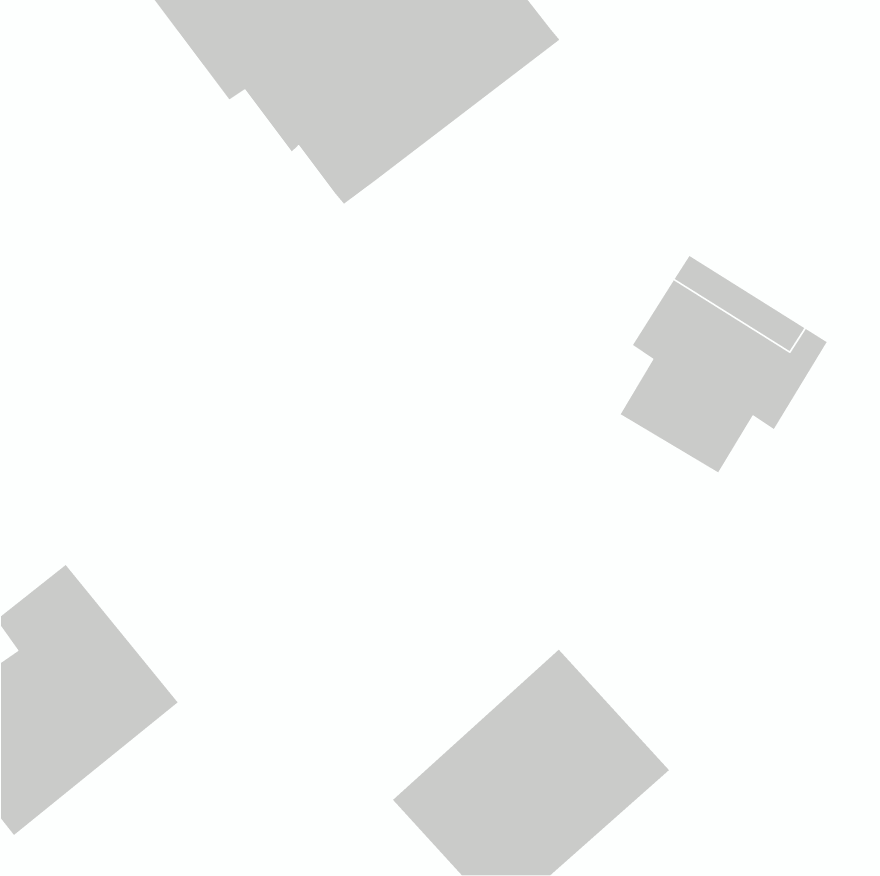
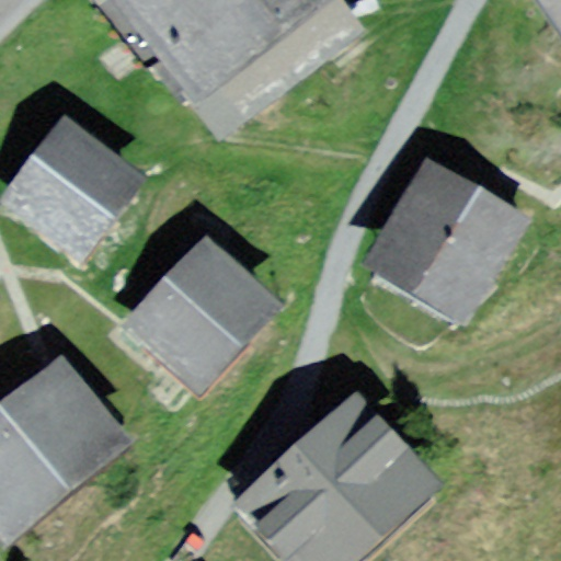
building: none -> [16,128,136,250]
building: none -> [144,251,268,378]

